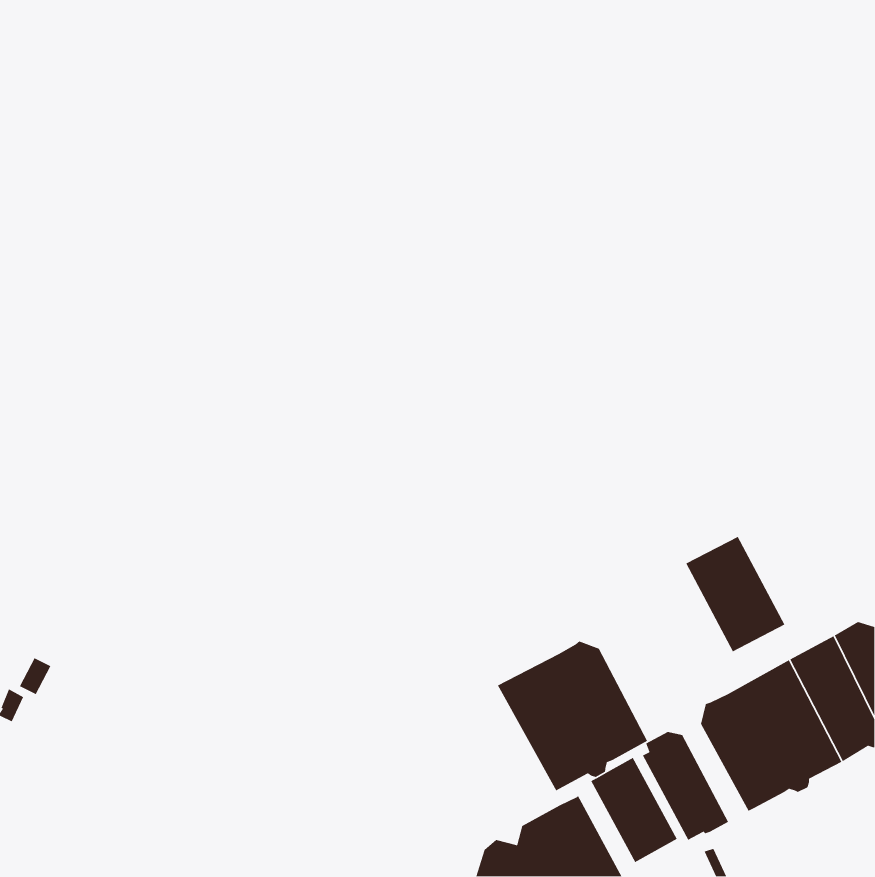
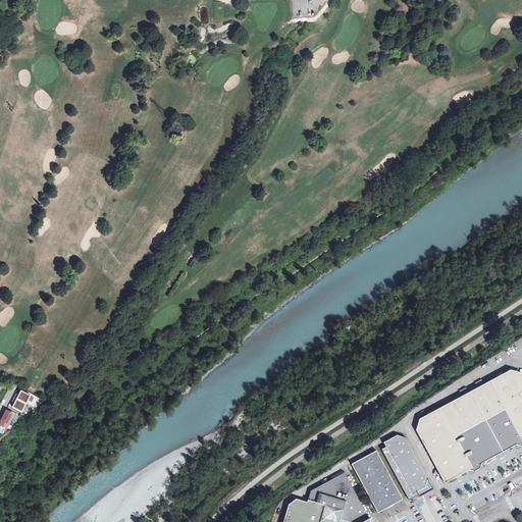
building: [685,536,786,652] -> none
building: [497,640,648,791] -> none

